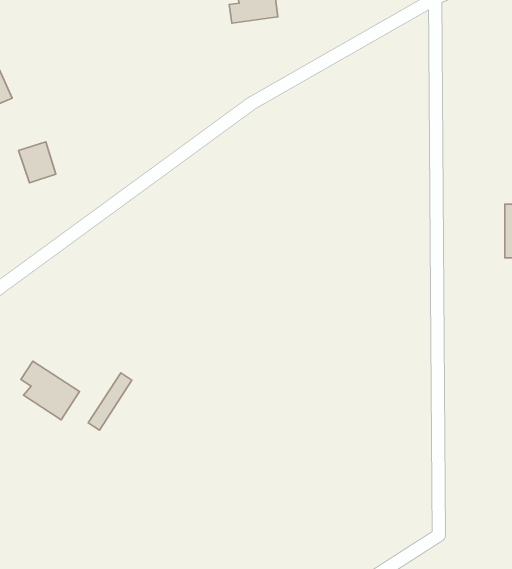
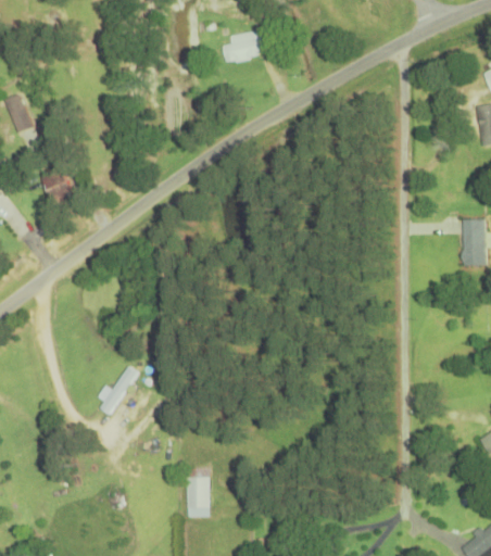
building: [21,361,79,420] -> none
building: none -> [186,468,210,517]

